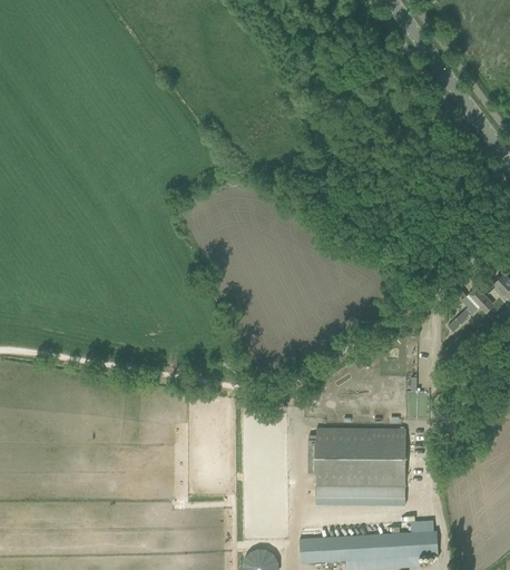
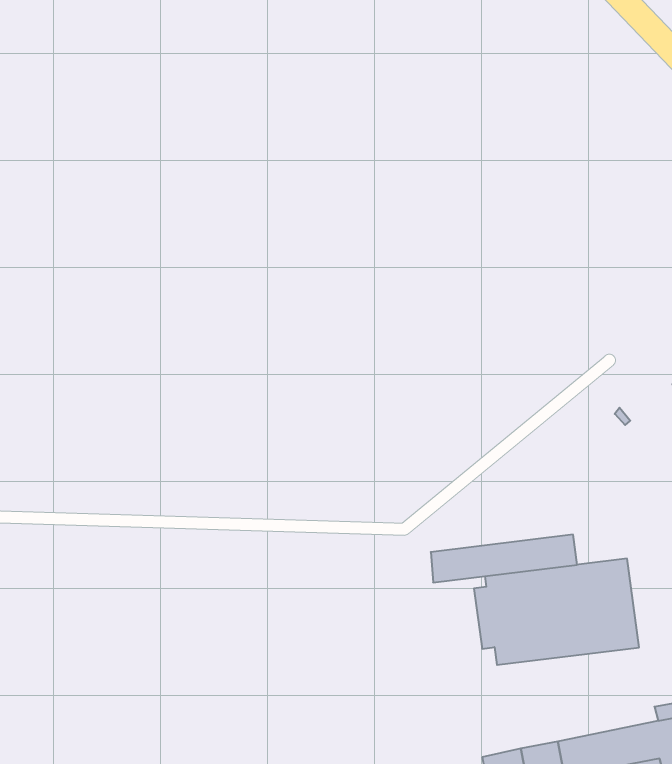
building: [315,484,405,504] -> [431,535,577,582]

